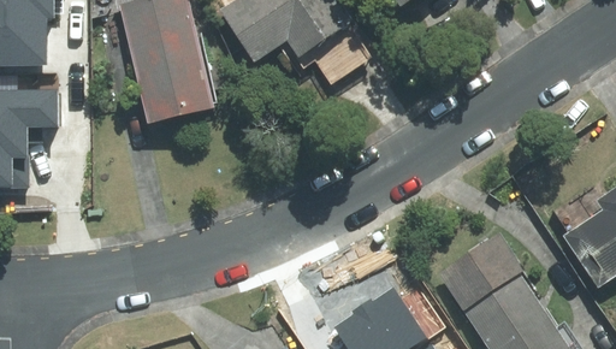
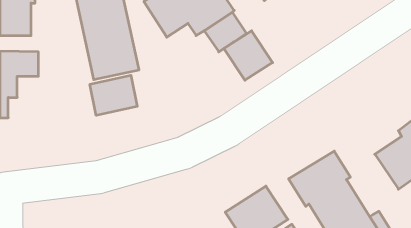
building: none -> [224,31,273,80]
building: none -> [90,75,137,115]

